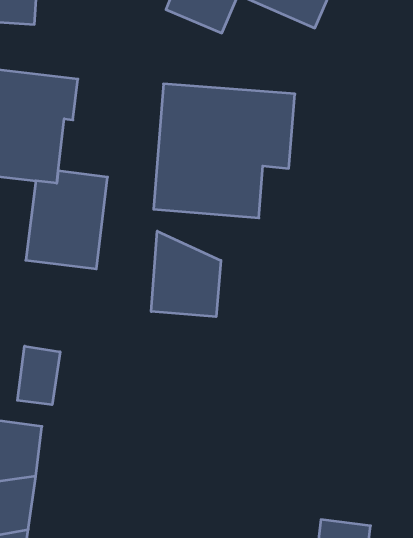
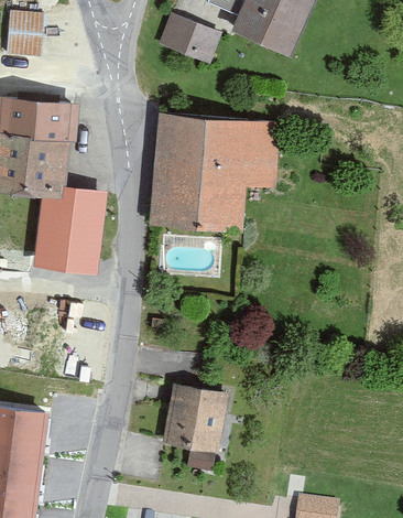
building: [151,231,221,317] -> none
building: [17,346,60,405] -> none
building: none -> [163,382,229,453]

